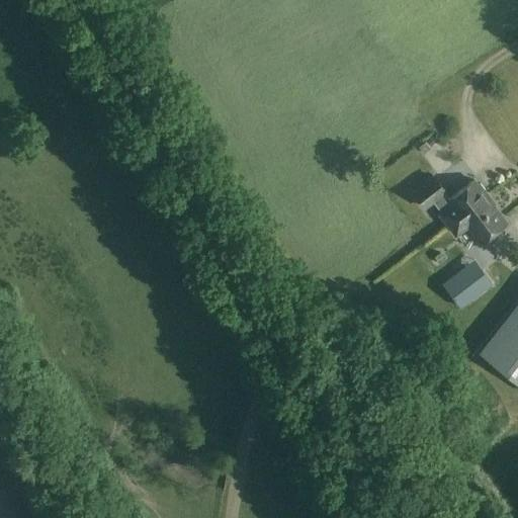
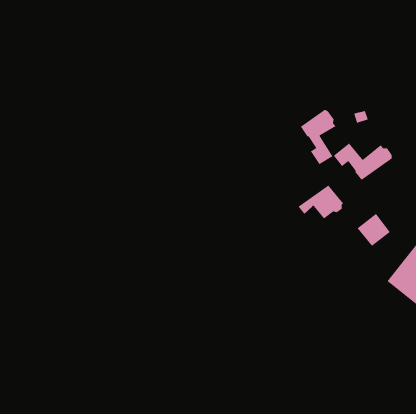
building: none -> [300,109,337,165]
building: [449,200,507,244] -> [298,185,344,220]

